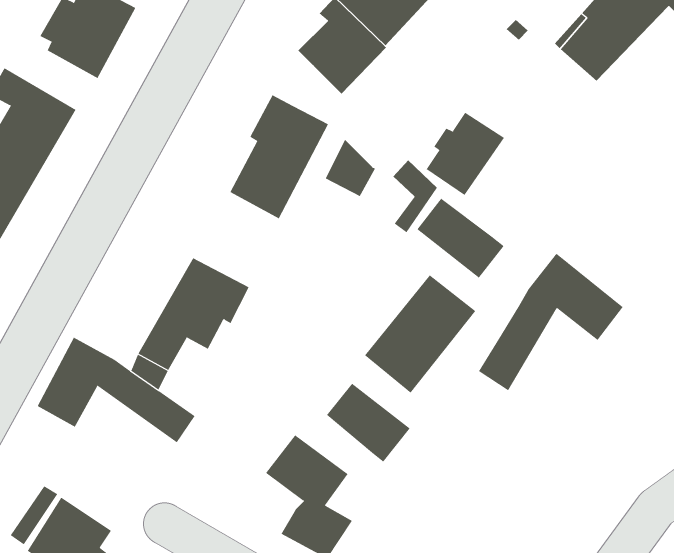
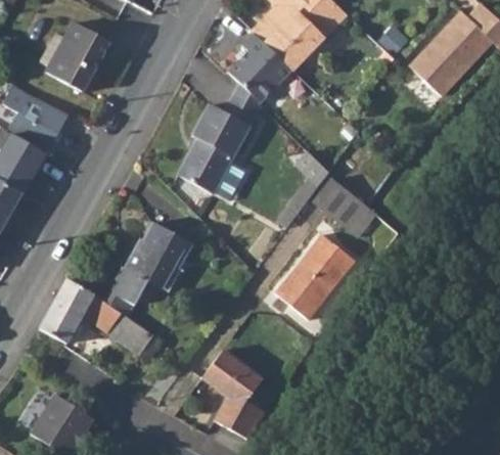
building: [426,112,505,196] -> none
building: [325,139,376,197] -> [224,84,261,126]
building: [478,253,624,391] -> none
building: [326,383,411,462] -> none

